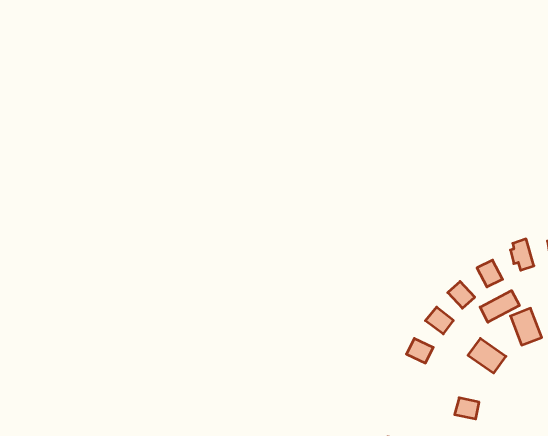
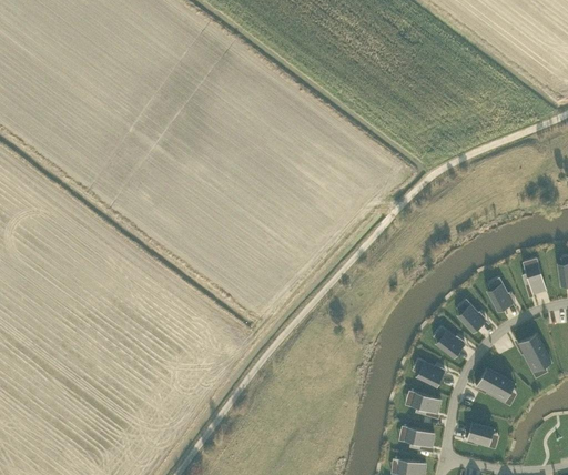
building: [480,291,519,322] -> none
building: none -> [408,393,439,416]
building: none -> [403,426,434,448]

